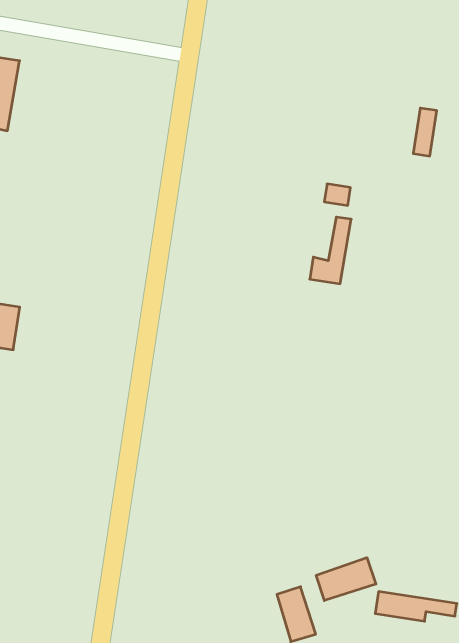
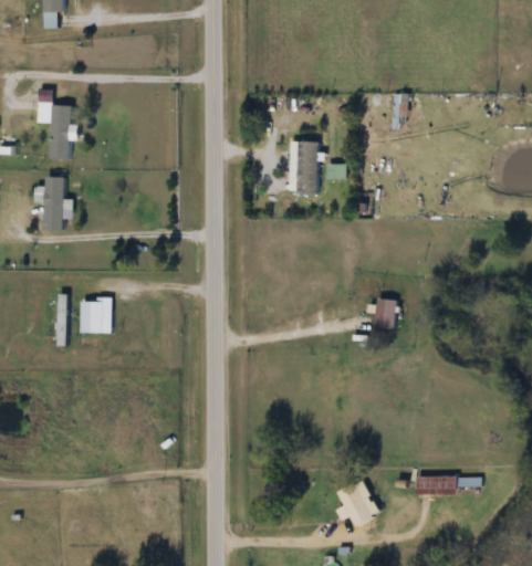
building: [310,217,351,284] -> [286,130,312,182]
building: none -> [377,300,397,327]
building: [316,558,376,601] -> none

